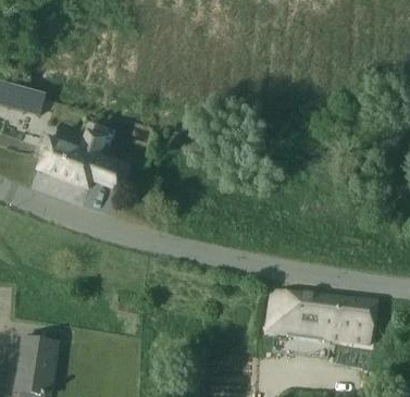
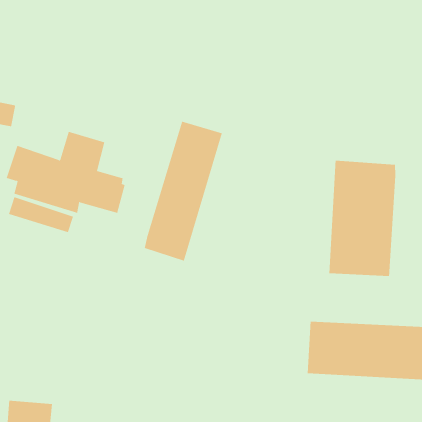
building: none -> [144,121,222,262]
building: none -> [329,160,396,277]

